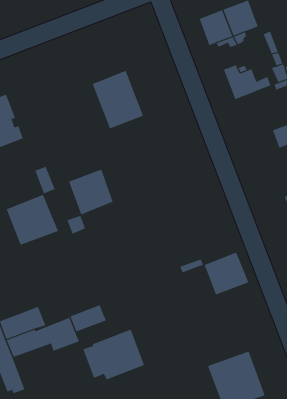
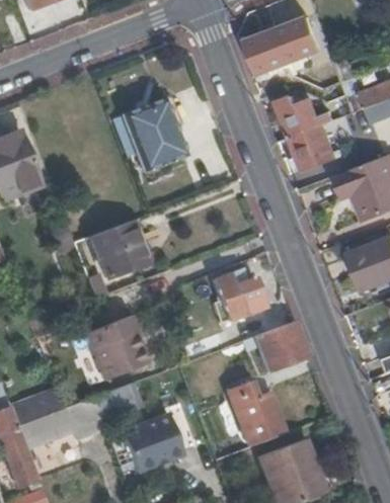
building: none -> [293,124,338,170]
building: [6,194,59,245] -> [86,319,150,381]
building: none -> [212,266,268,326]
building: none -> [227,382,284,443]

